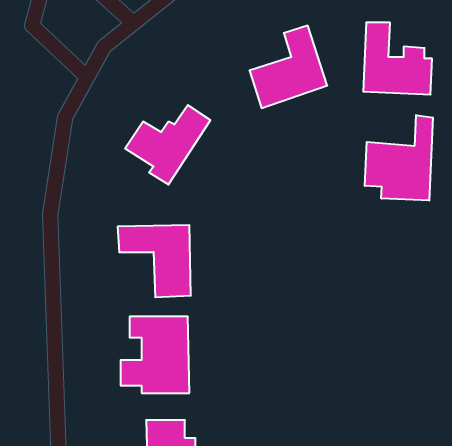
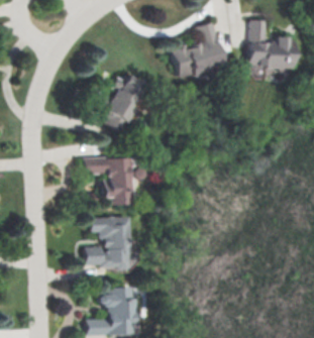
building: [365,115,433,201] -> none

